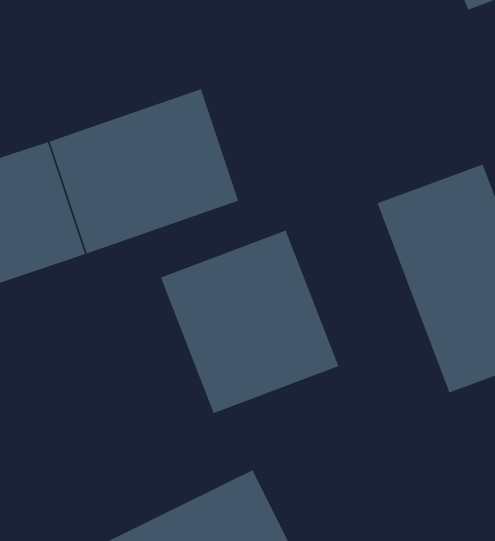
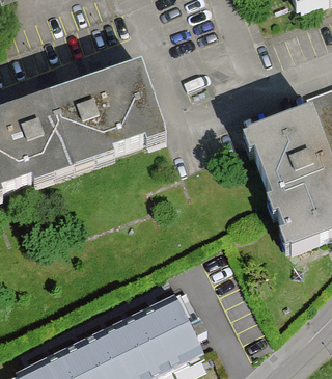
building: [160,229,339,414] -> none

